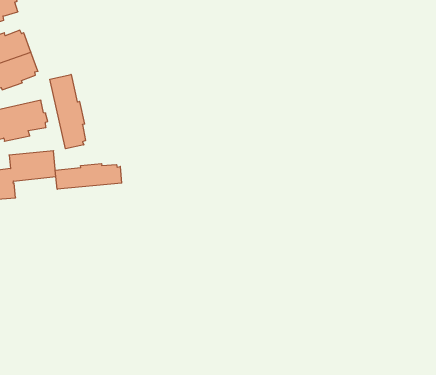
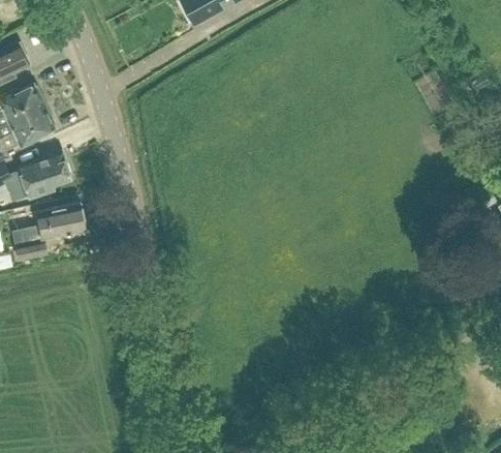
building: [50,74,85,149] -> none
building: [55,164,122,189] -> none

